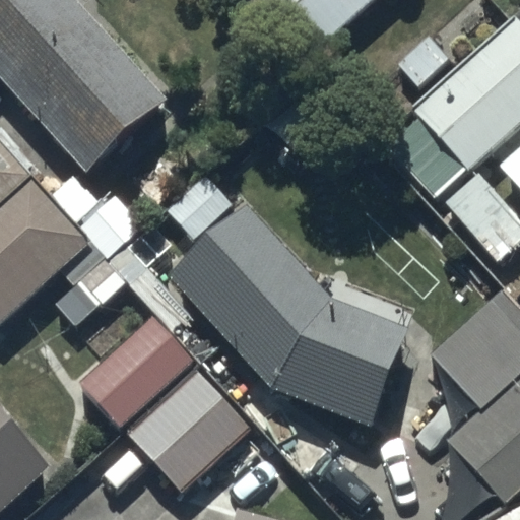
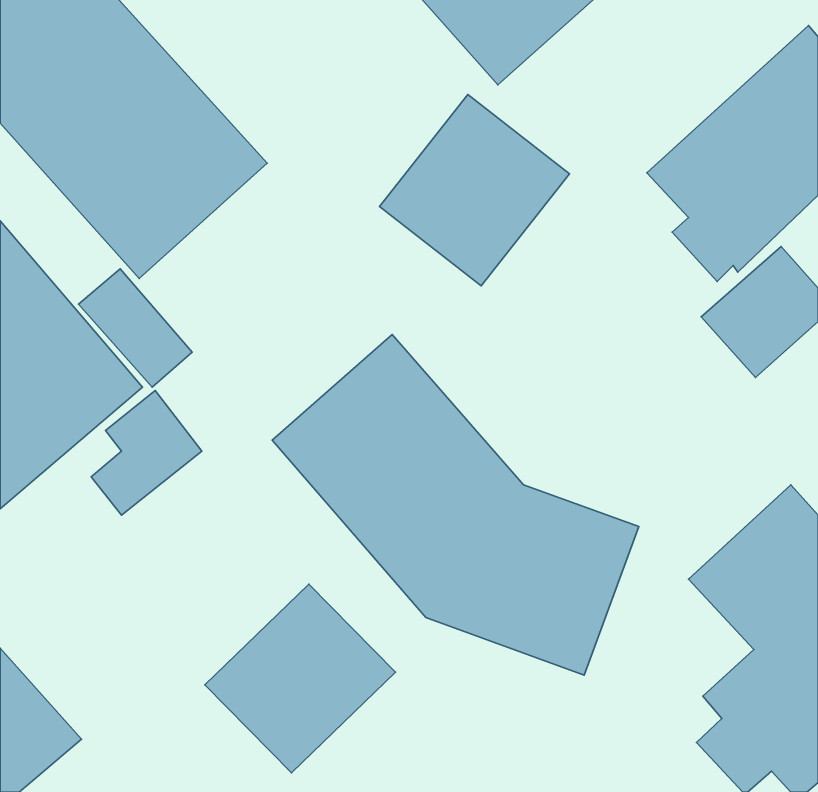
building: none -> [379,95,569,286]
building: [83,318,194,427] -> none

